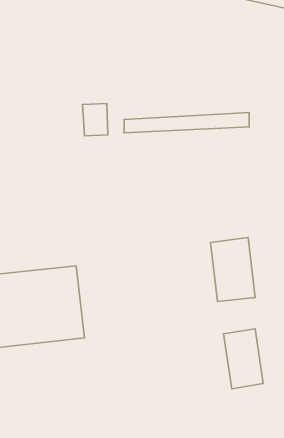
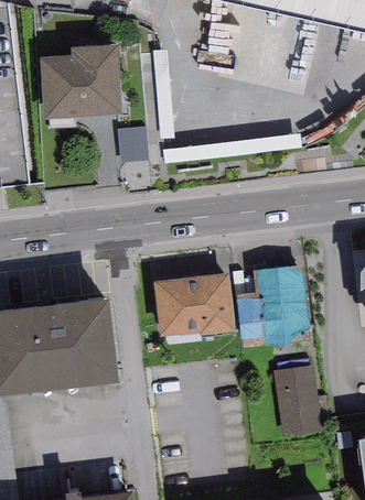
building: none -> [35,46,116,119]
building: none -> [160,278,233,333]

